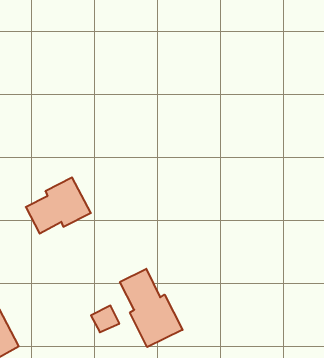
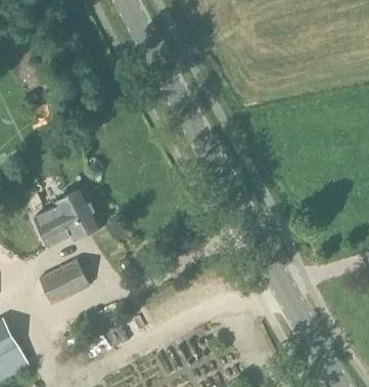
building: none -> [39,260,90,305]
building: [120,269,183,347] -> none

